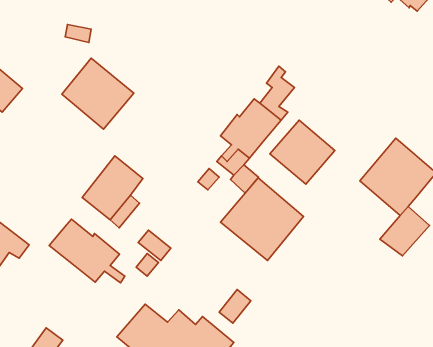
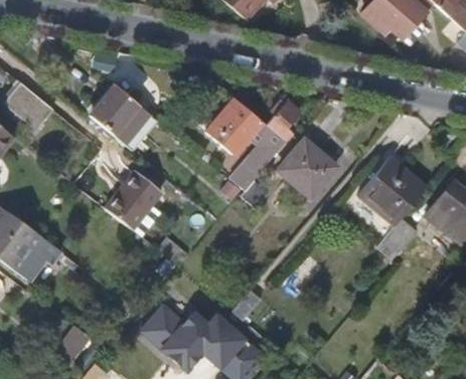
building: none -> [205,98,262,154]
building: [221,178,304,261] -> none
building: [49,219,125,283] -> none

